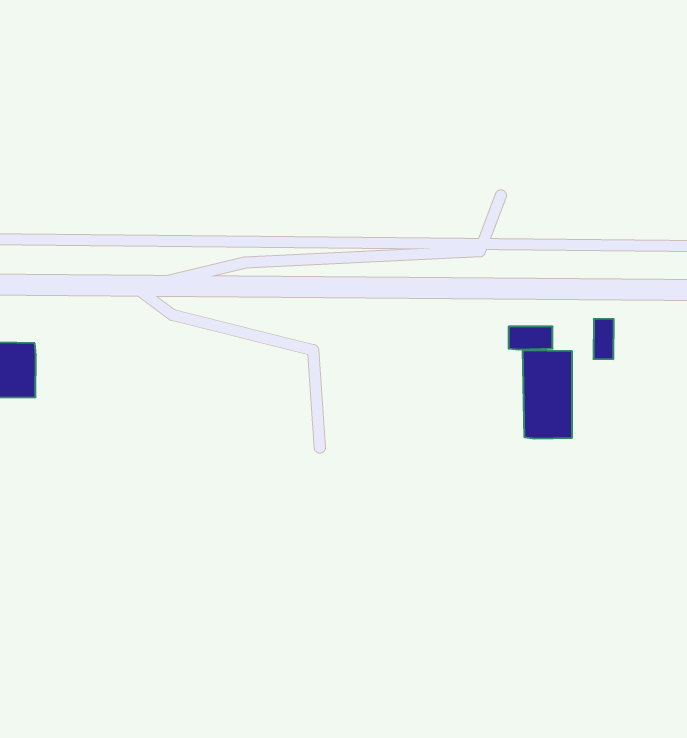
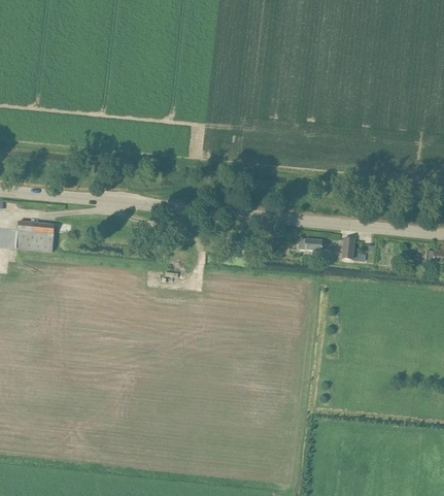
building: [523,350,572,439] -> none

